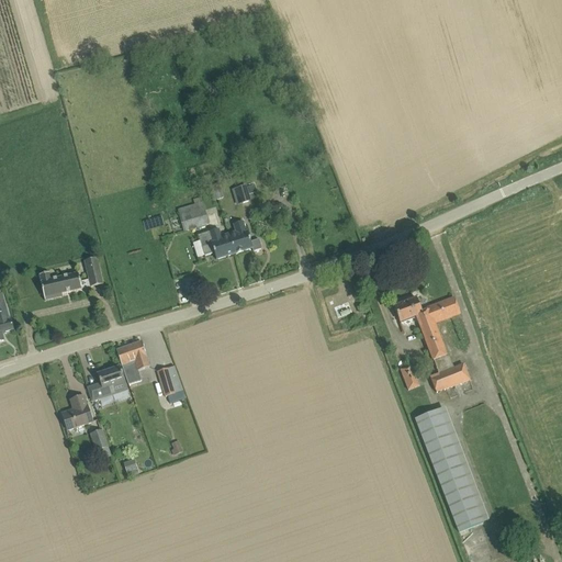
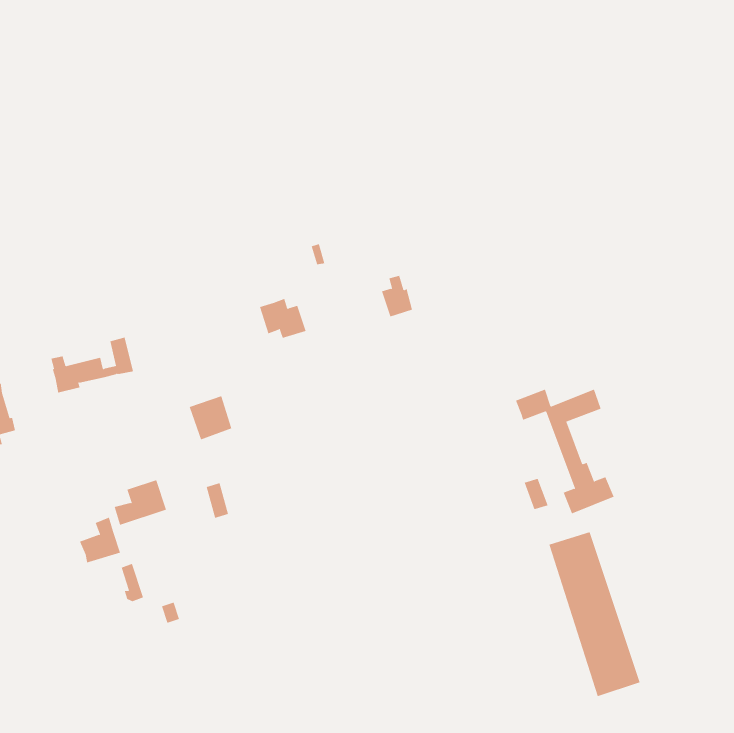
building: [177,201,207,231] -> none
building: [227,221,251,252] -> [381,275,413,317]
building: [115,340,148,374] -> [189,395,232,440]

